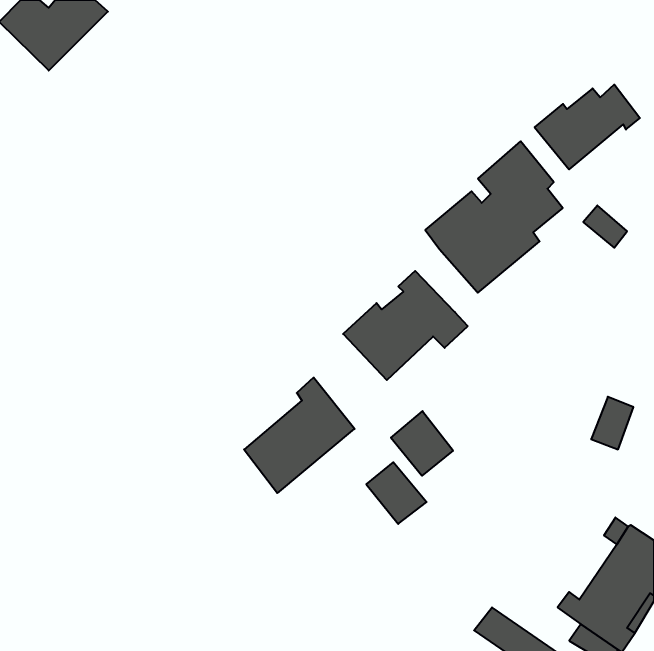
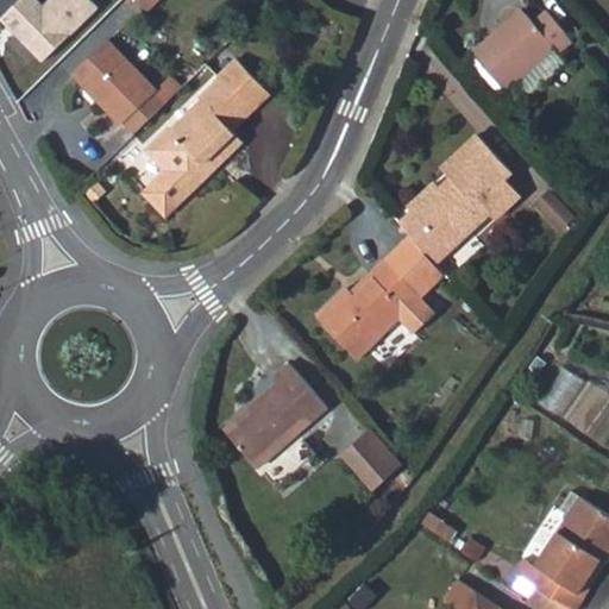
building: none -> [71,40,159,127]
building: none -> [138,64,269,216]
building: [535,85,640,169] -> [473,10,571,88]
building: none -> [384,236,441,294]
building: [391,411,453,476] -> none

